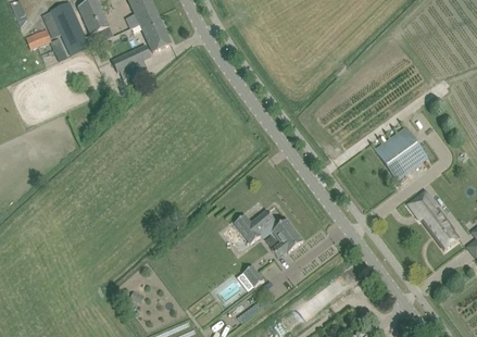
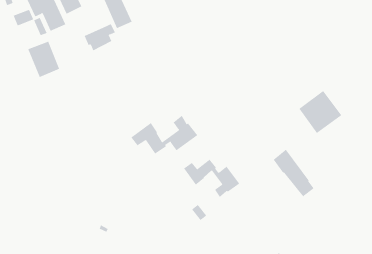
building: none -> [27,41,60,78]
building: none -> [131,115,198,155]
building: [406,189,457,248] -> [273,149,314,197]

